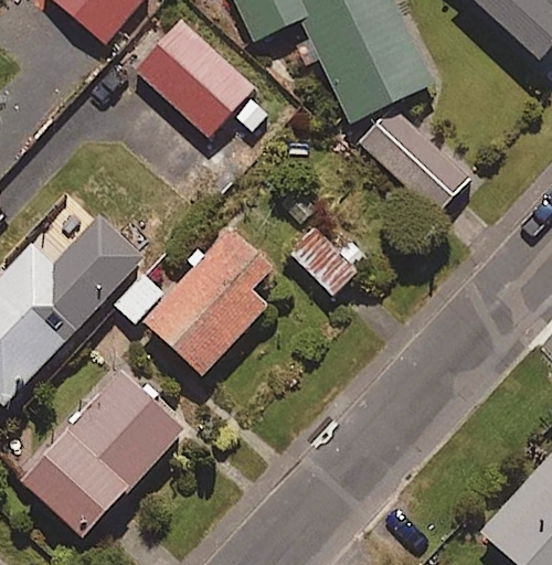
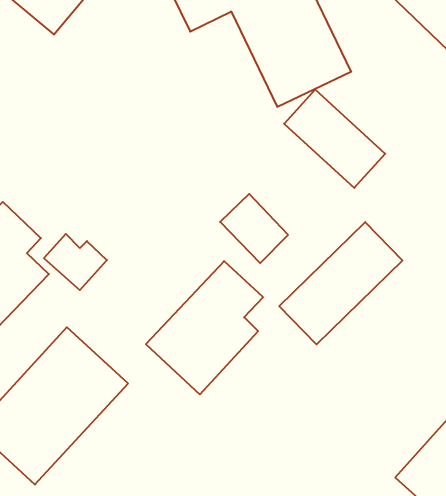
building: [135,20,254,137] -> none
building: [144,228,273,375] -> [146,261,263,394]
building: none -> [279,222,402,344]

